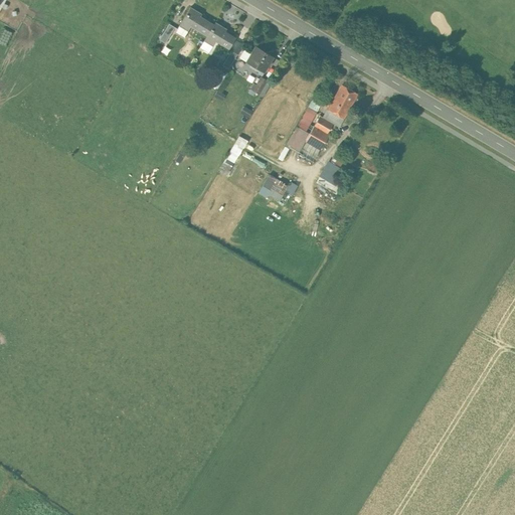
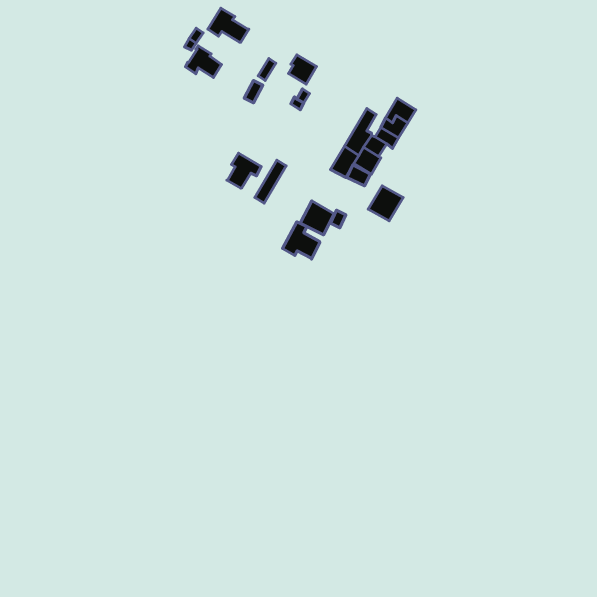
building: [204,22,235,49] -> [185,46,222,77]
building: none -> [227,153,261,188]
building: none -> [283,222,320,259]

